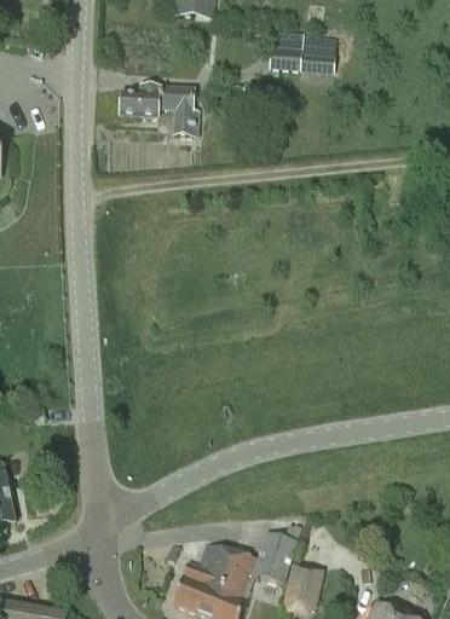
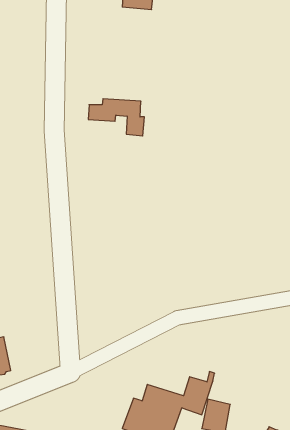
building: [271,31,339,74] -> none
building: [121,85,200,137] -> [88,99,144,136]

